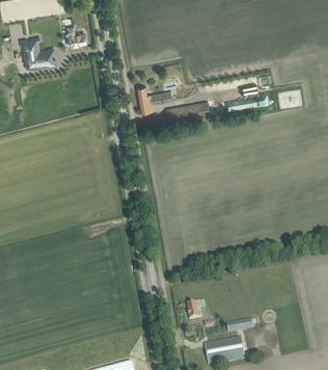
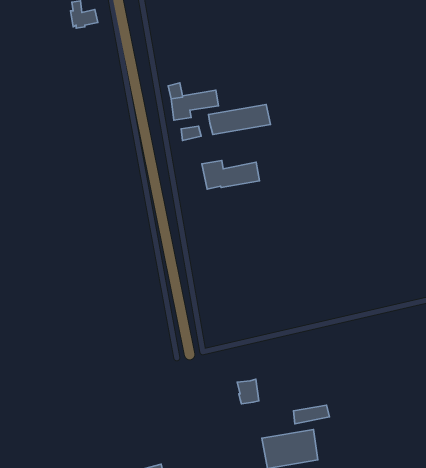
building: [23,38,51,67] -> none
building: none -> [202,160,259,189]

